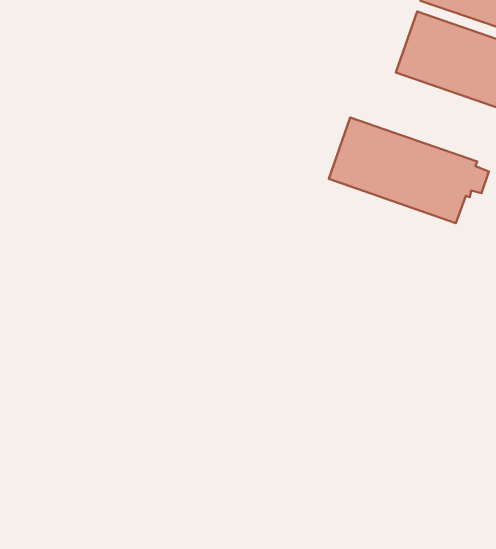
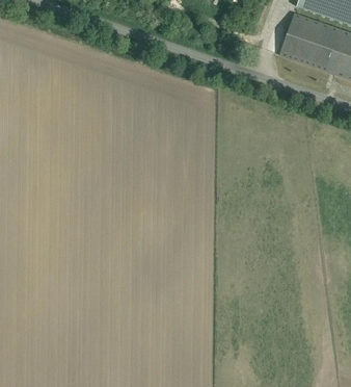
building: [329,117,489,223] -> none

